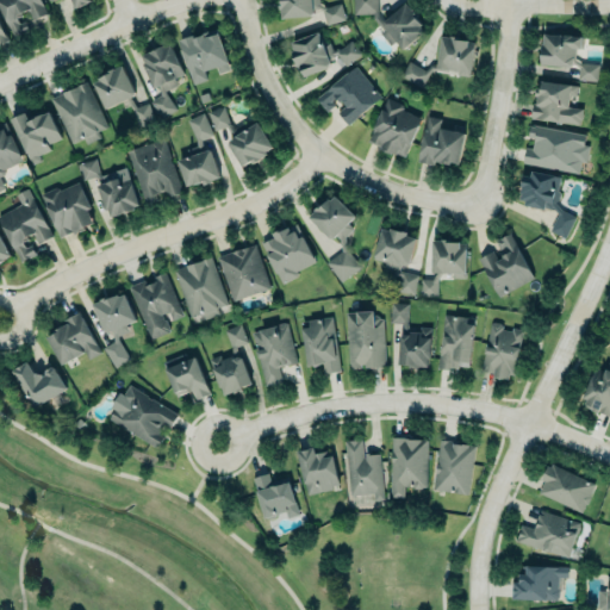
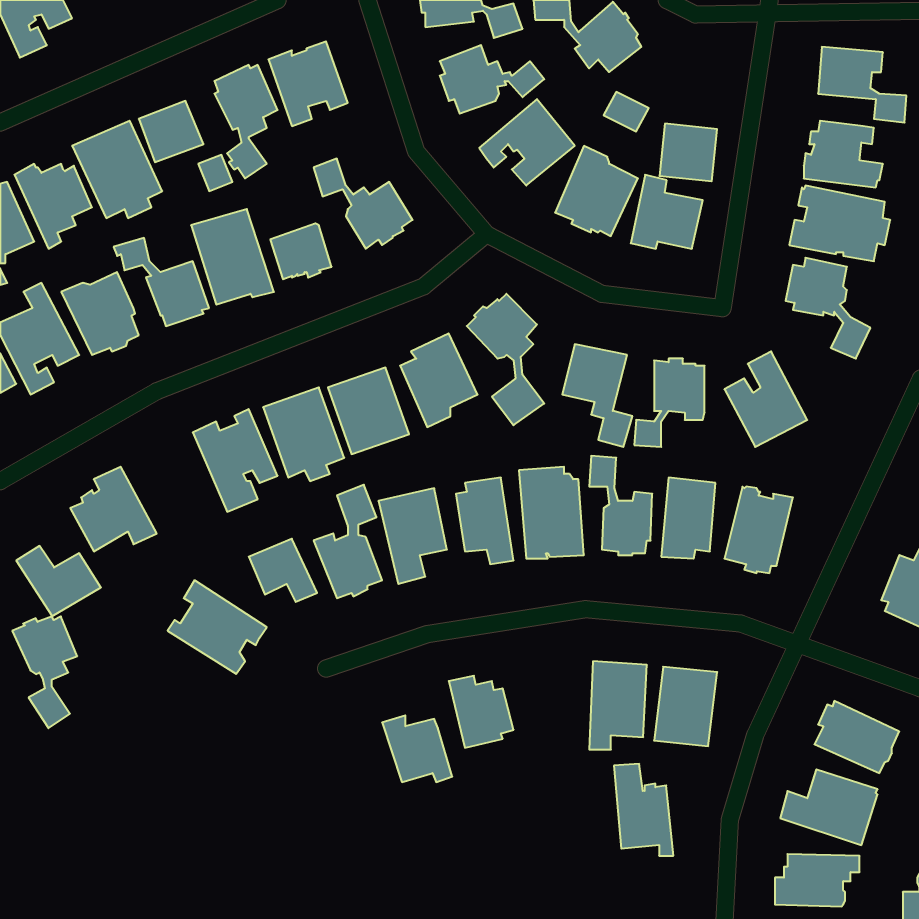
building: [437,37,475,75] -> [659,124,717,181]
building: [93,294,136,368] -> [12,616,77,728]
building: [346,440,385,500] -> [614,764,673,856]

